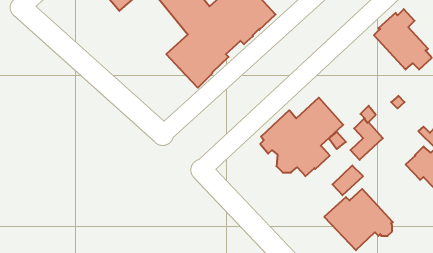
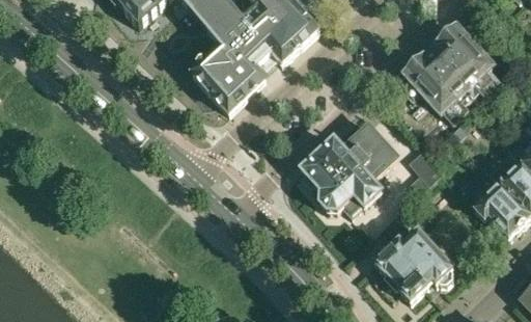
building: none -> [398,50,467,117]

